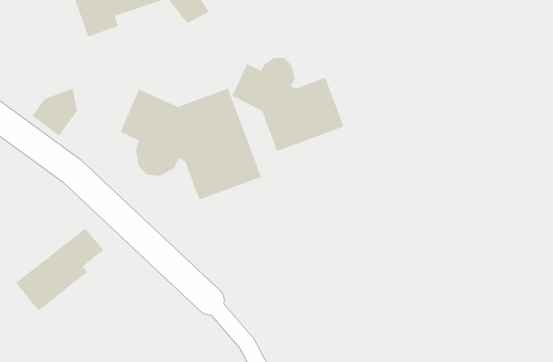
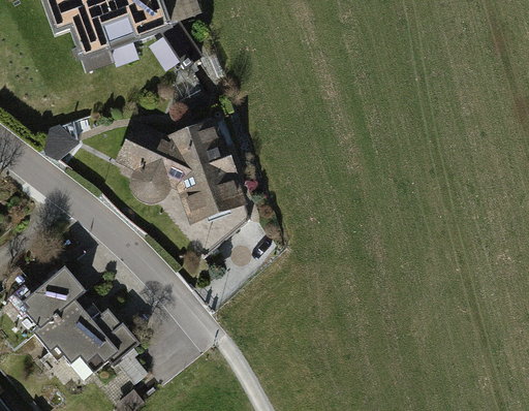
building: [232,57,344,152] -> none
building: none -> [37,304,132,368]

